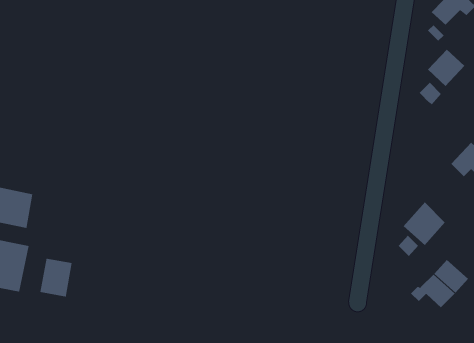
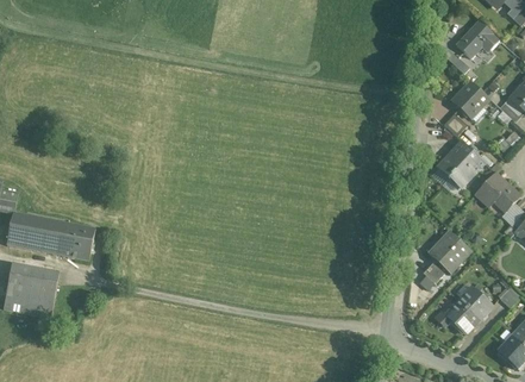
building: none -> [437,142,482,187]
building: [40,258,73,297] -> [62,223,94,261]

